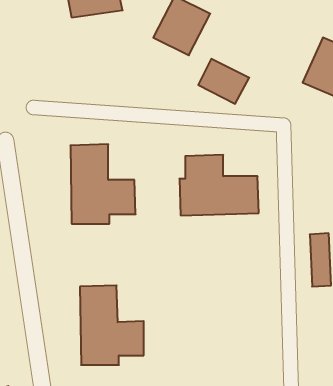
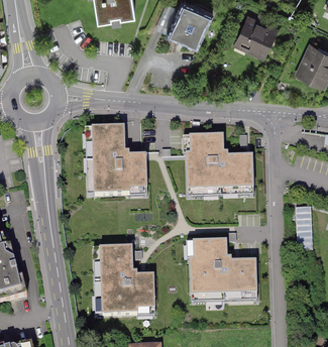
building: [198,59,249,104] -> [232,15,276,53]
building: none -> [189,241,256,293]

